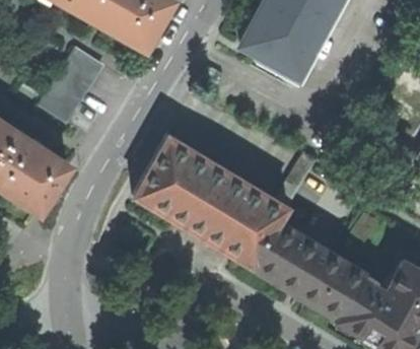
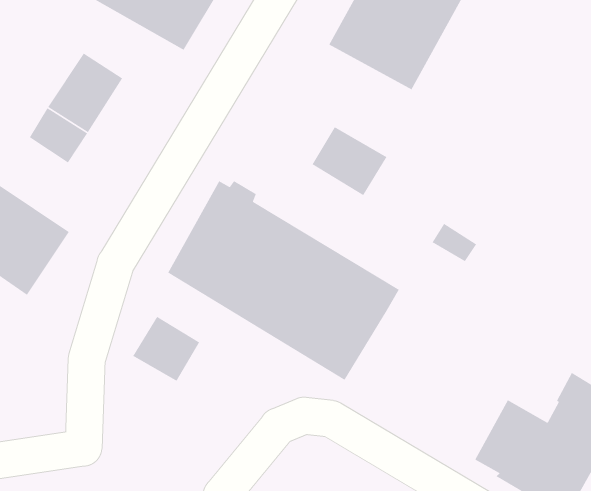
building: none -> [312,126,388,196]
building: [252,221,365,321] -> none
building: none -> [132,316,200,382]

